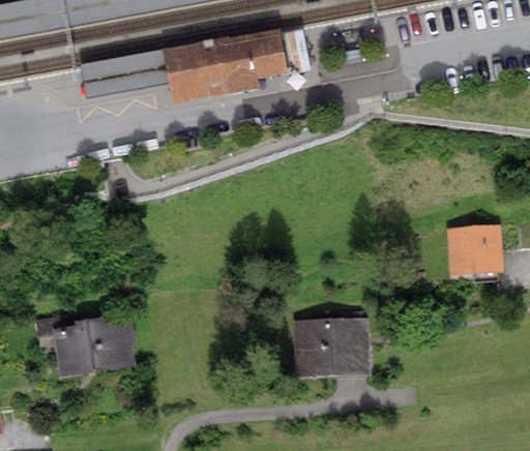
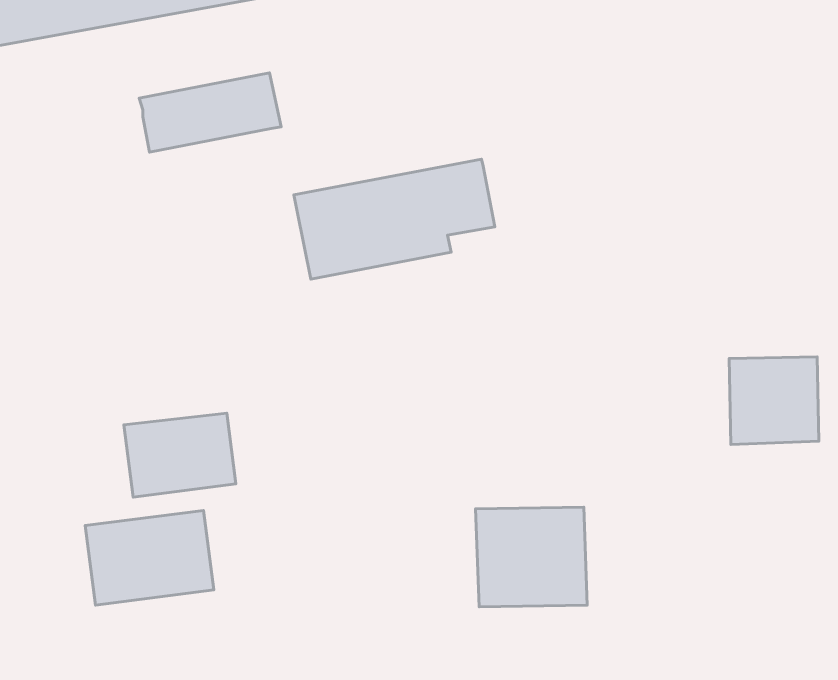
building: [171,29,294,102] -> [294,159,495,279]
building: none -> [124,413,236,497]

